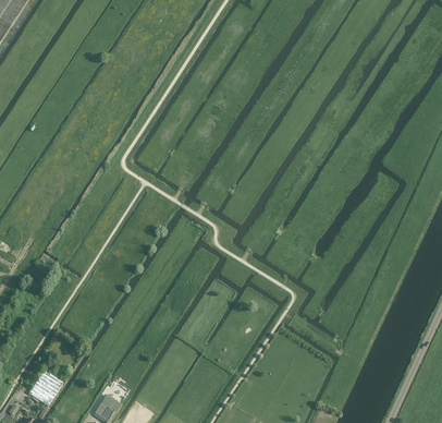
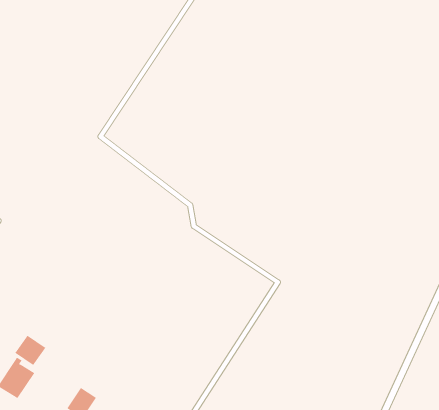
building: none -> [15,335,46,366]

